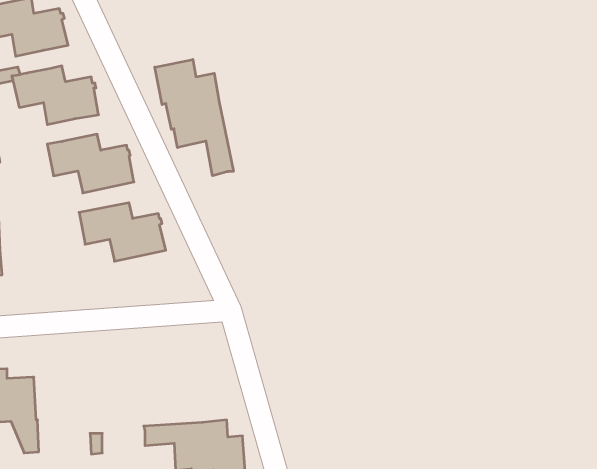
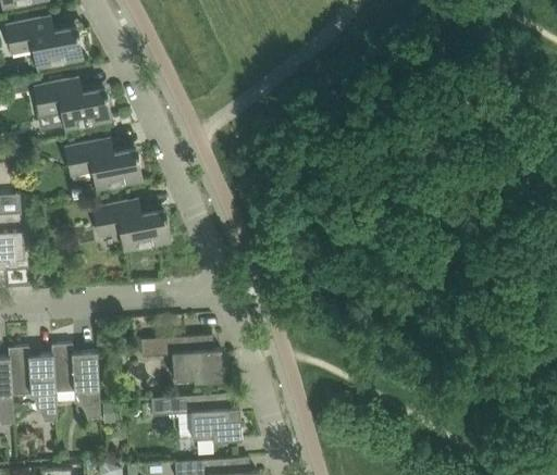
building: [155,59,233,176] -> none
building: none -> [140,336,222,384]
building: none -> [51,345,100,420]

